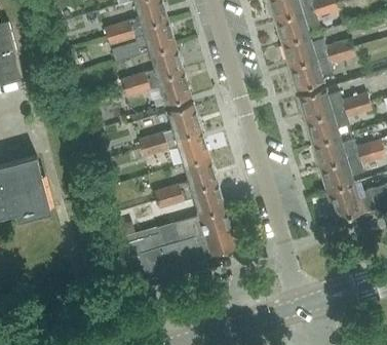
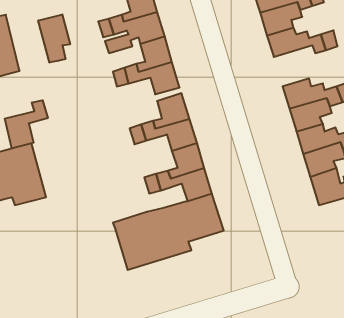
building: none -> [38,14,70,63]
building: [289,53,335,90] -> none
building: none -> [5,100,48,148]

